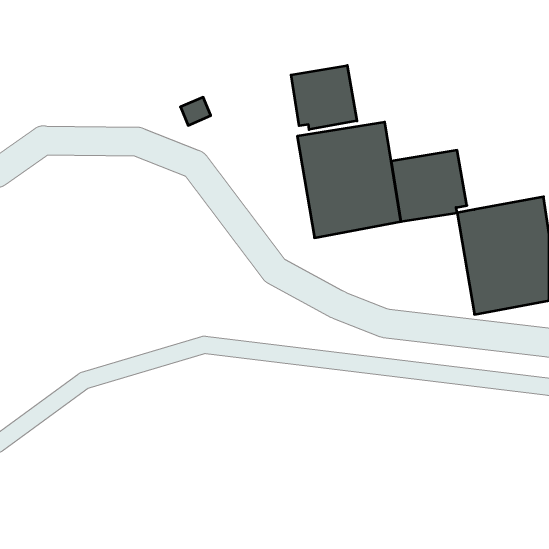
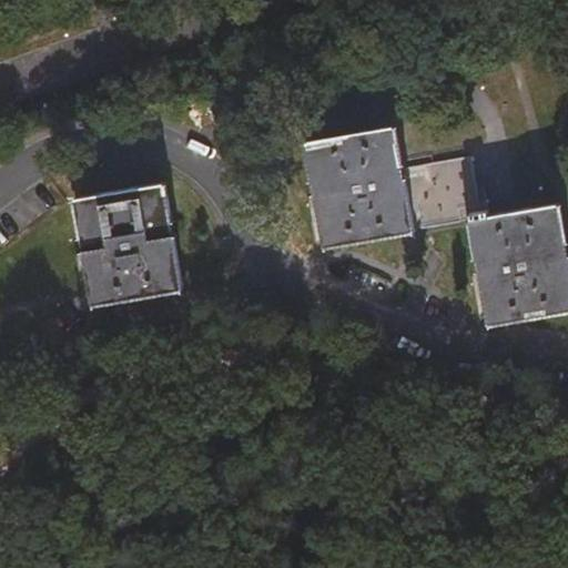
building: [291,65,357,130] -> none
building: none -> [72,186,180,306]

